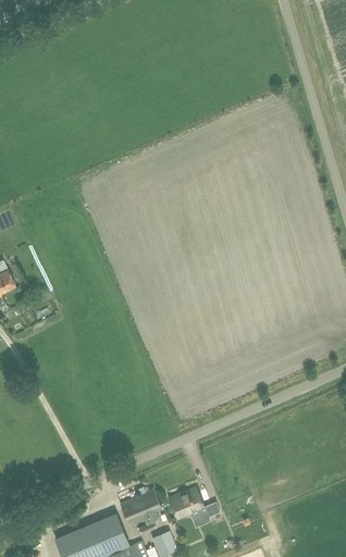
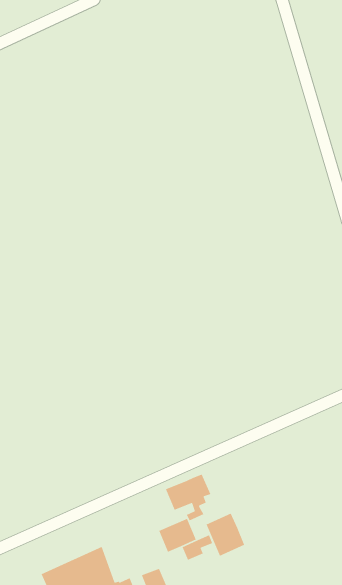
building: none -> [205,513,245,557]
building: [120,490,163,534] -> [165,474,211,521]

